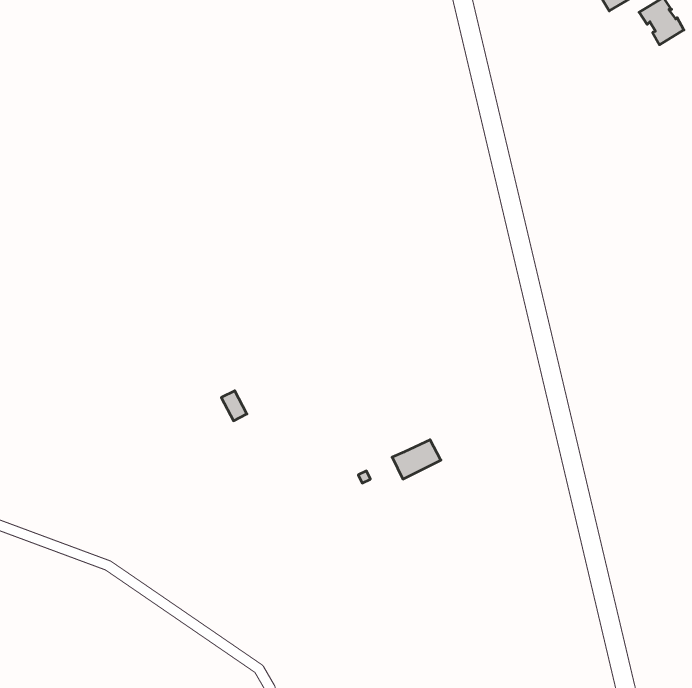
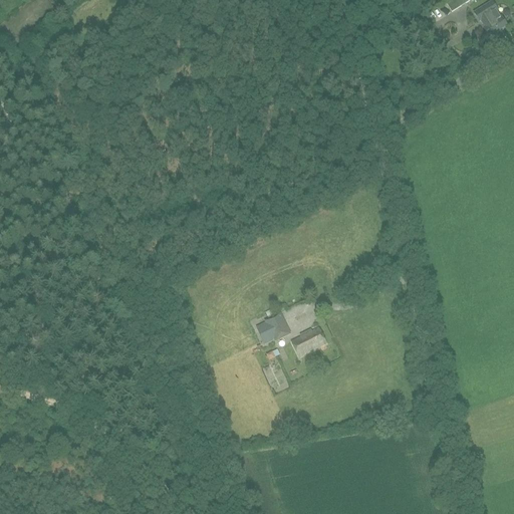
building: none -> [255,310,290,342]

